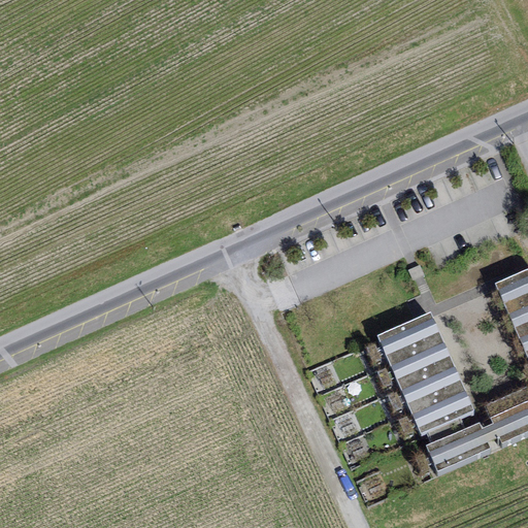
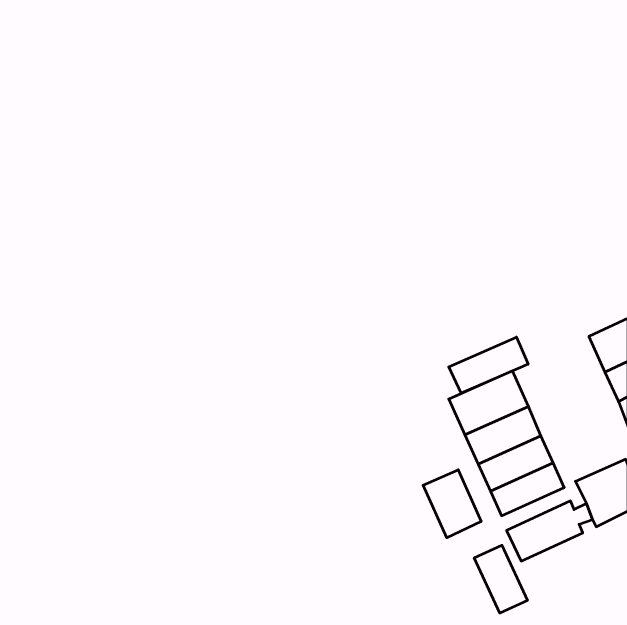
building: none -> [449,337,528,393]
building: none -> [423,470,481,538]
building: none -> [474,545,527,613]

